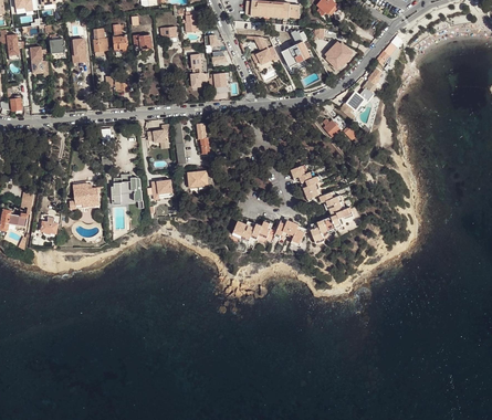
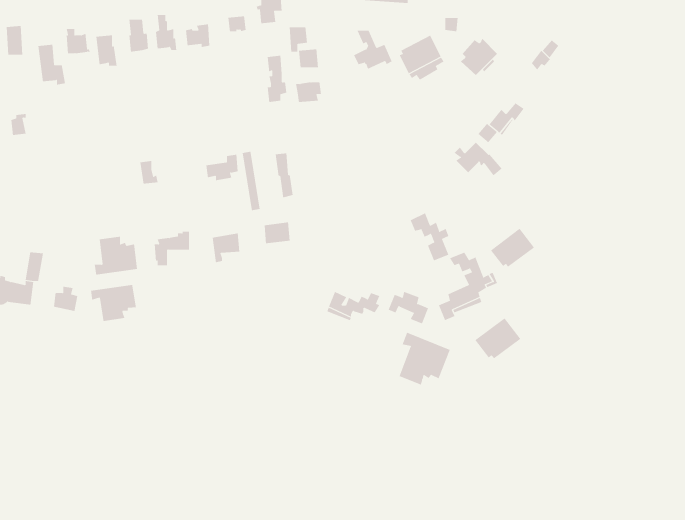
building: none -> [490,228,535,268]
building: none -> [90,284,136,322]
building: none -> [475,318,521,359]
building: none -> [399,332,450,386]

